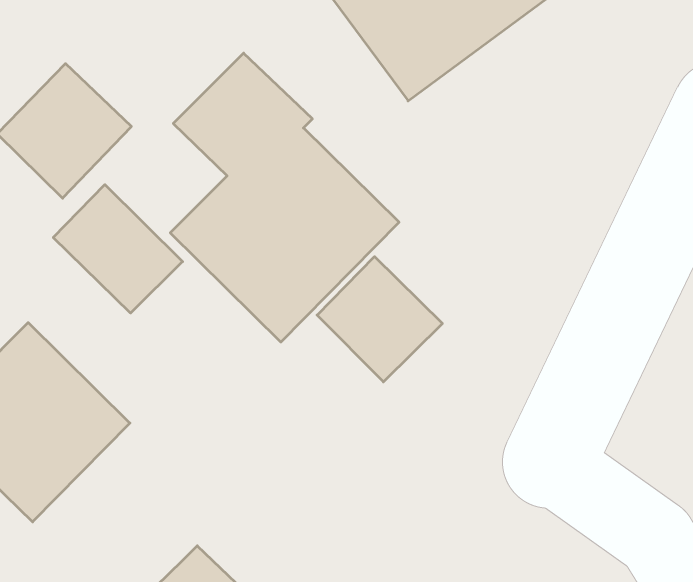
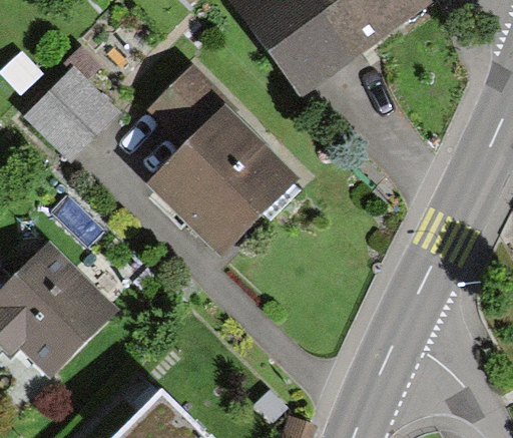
building: [53,185,183,313] -> none
building: [317,257,442,382] -> none

